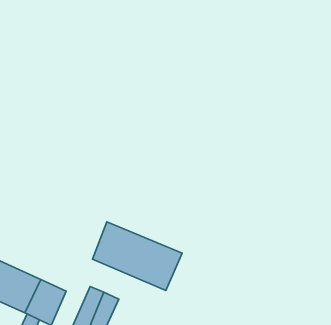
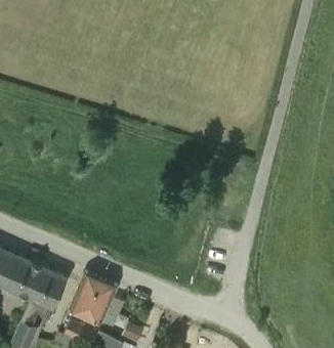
building: [92,222,182,291] -> none

